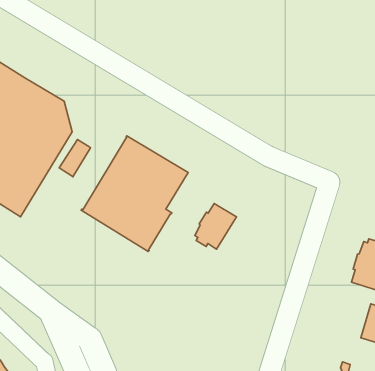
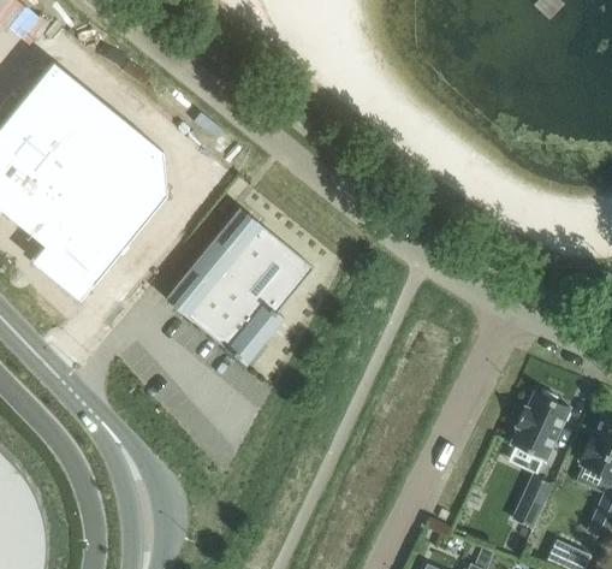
building: [59,140,90,177] -> none
building: [195,204,237,249] -> none

